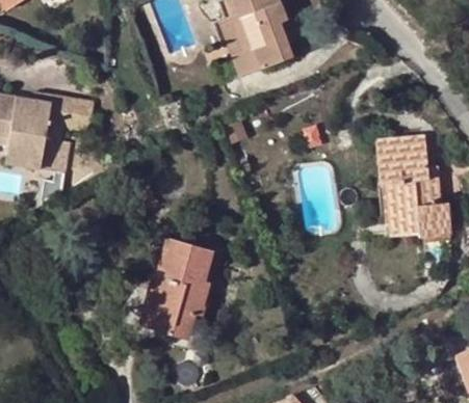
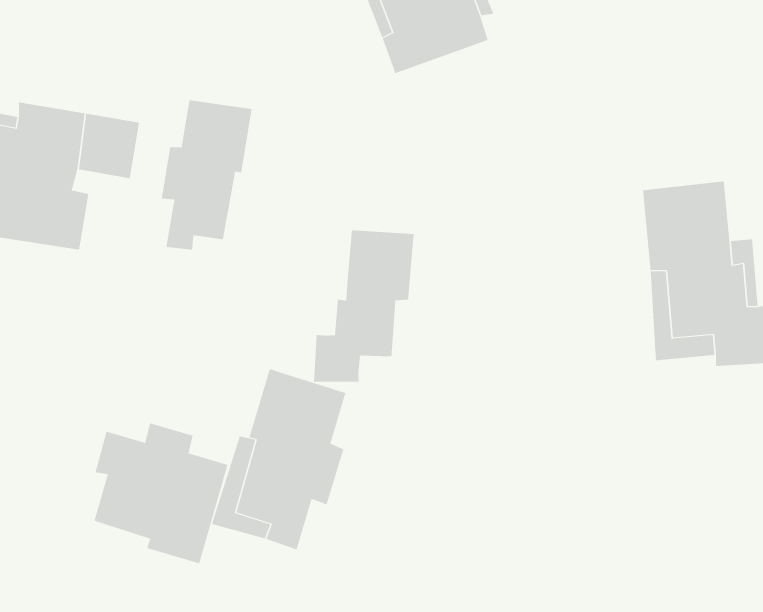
building: none -> [161,99,252,250]
building: none -> [313,230,414,383]
building: none -> [94,422,228,564]

